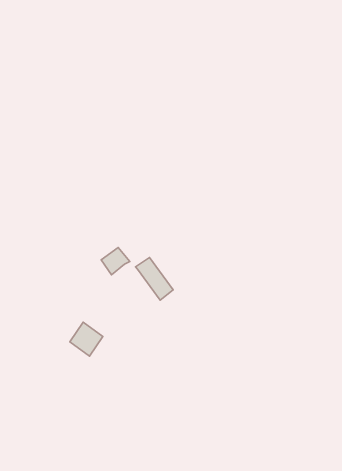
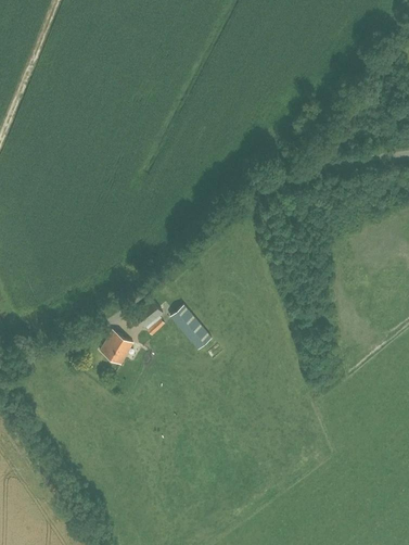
building: [70,322,103,356] -> [99,329,133,365]

